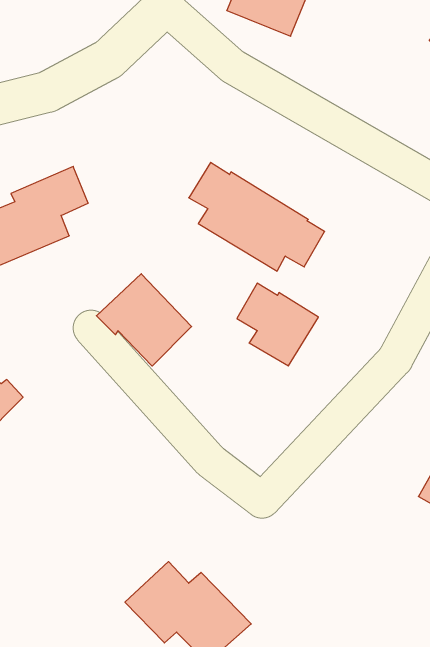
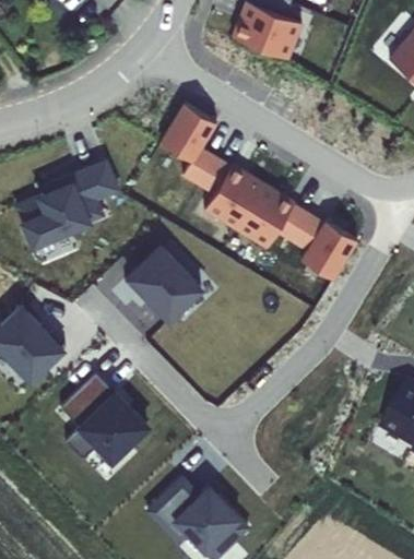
building: none -> [152,103,208,185]
building: [237,283,318,366] -> [283,212,348,278]
building: none -> [52,372,139,460]

